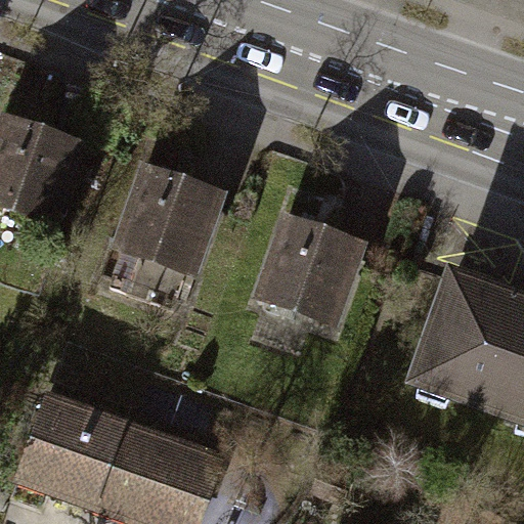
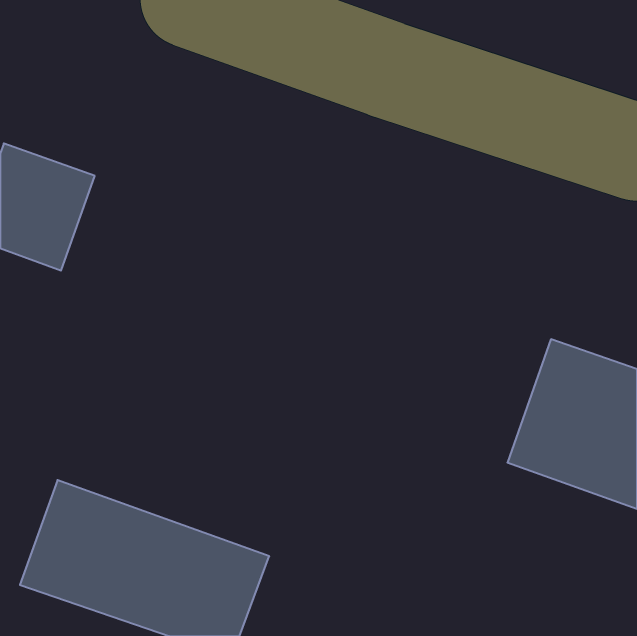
building: [108,164,218,308] -> none
building: [257,210,358,321] -> none

